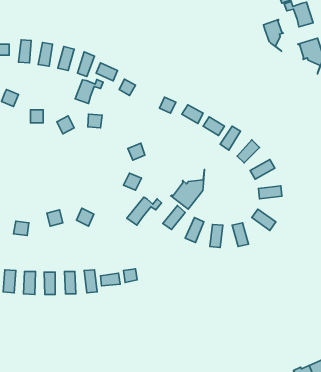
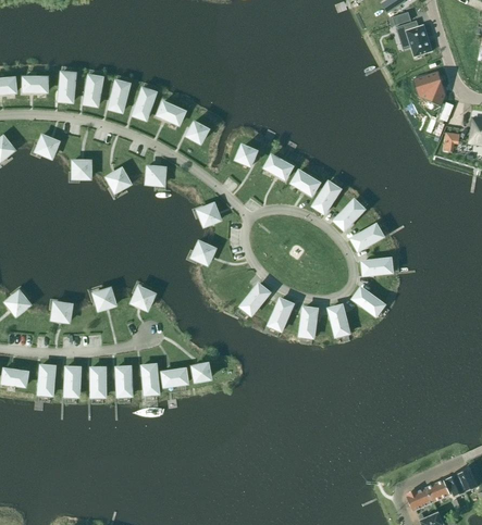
building: [263,19,283,51] -> none
building: [75,79,103,103] -> none
building: [171,170,205,209] -> none
building: [127,197,162,225] -> none

